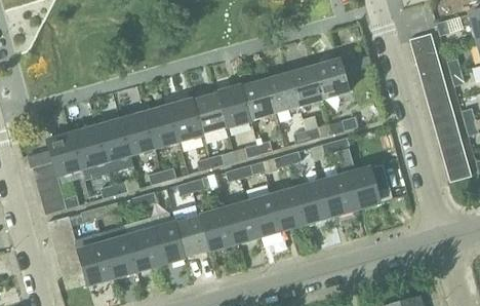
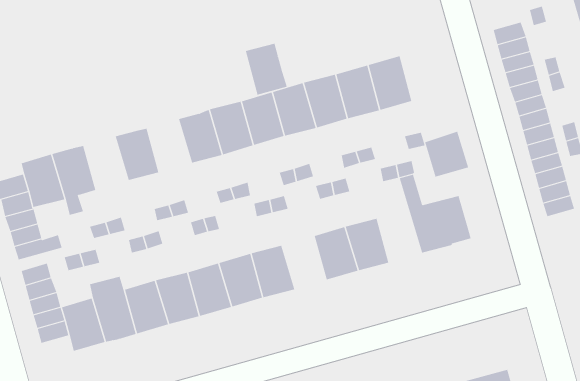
building: none -> [245,43,288,95]
building: [146,105,179,146] -> none
building: none -> [425,131,469,178]
building: [97,118,134,171] -> none
building: [321,174,355,215] -> none
building: [248,194,282,235] -> none

